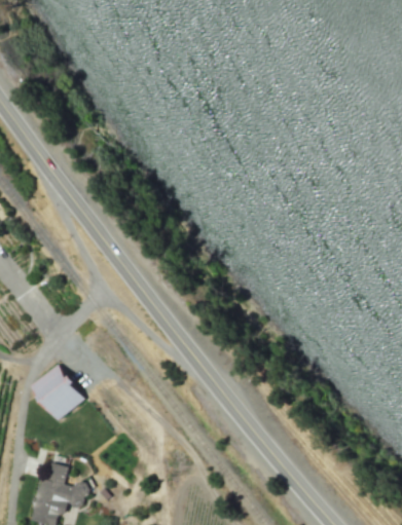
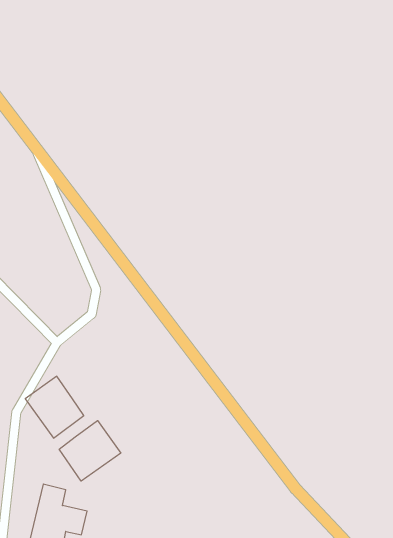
building: none -> [59,421,121,481]

